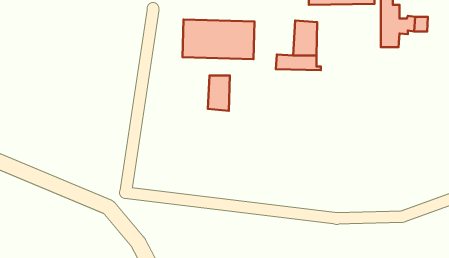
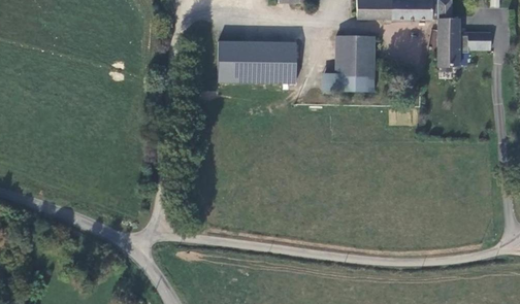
building: [208,75,230,111] -> none

